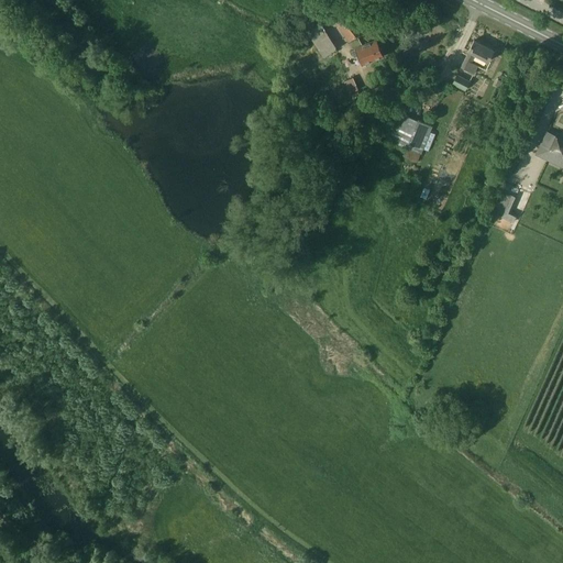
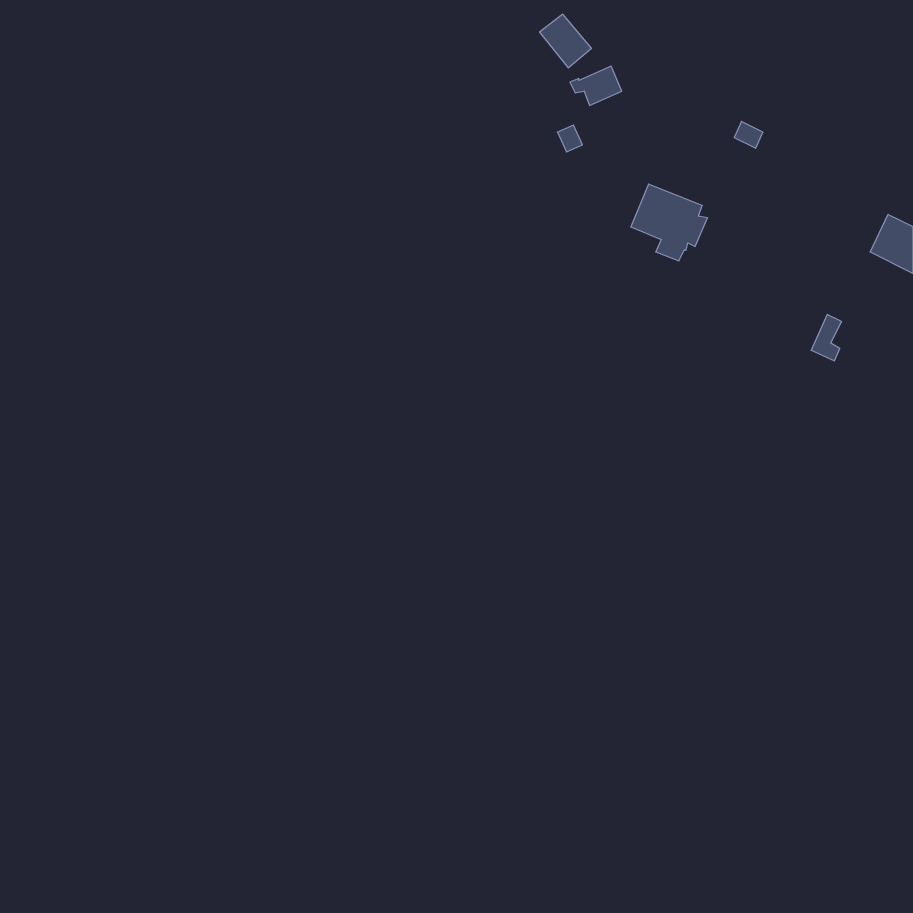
building: [308,22,338,57] -> none
building: [460,40,494,75] -> none

